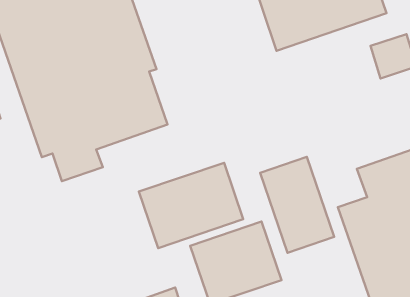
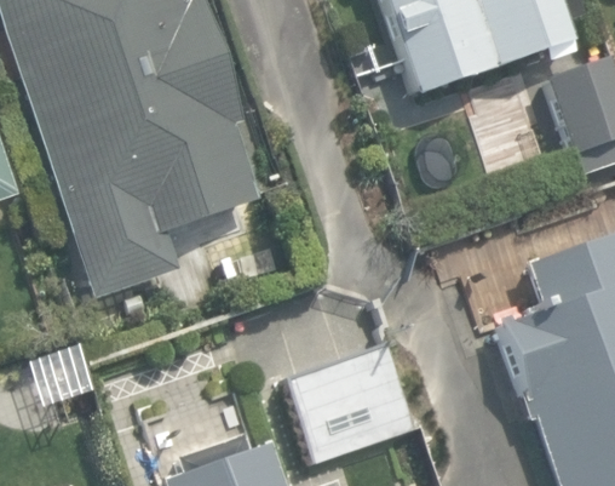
building: [260,157,334,253] -> none
building: [139,163,243,248] -> none

